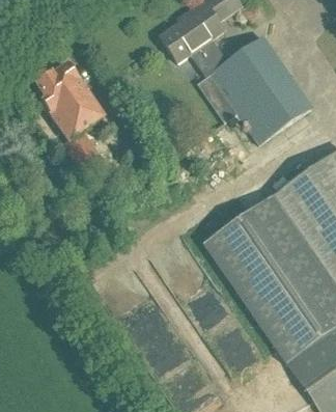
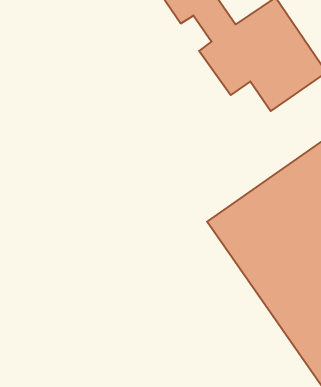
building: [36,64,106,176] -> none

